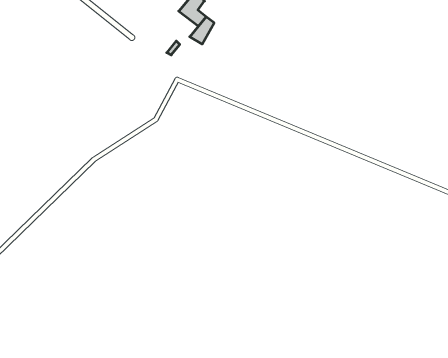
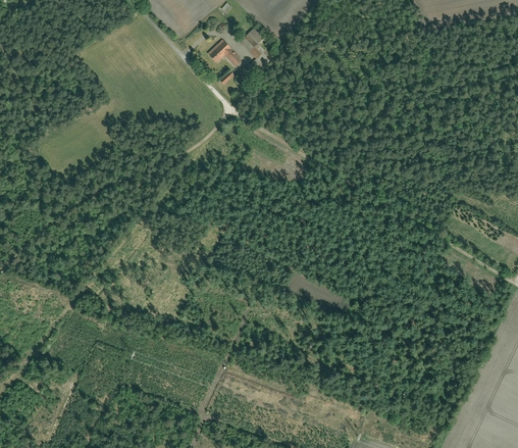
building: none -> [207,40,242,68]

